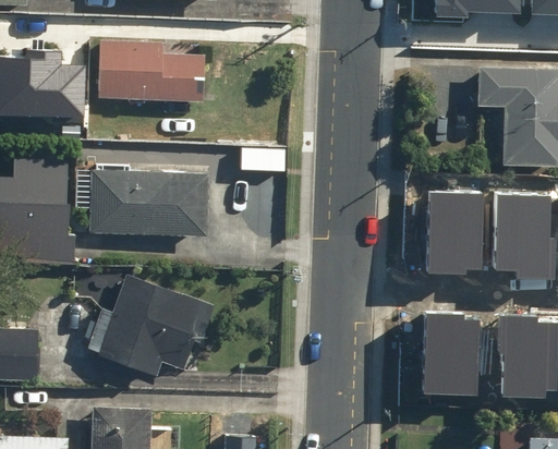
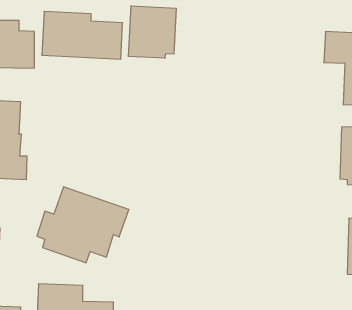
building: none -> [129,6,176,58]
building: [86,169,209,238] -> none
building: [430,196,484,275] -> none
building: [429,314,480,390] -> none

